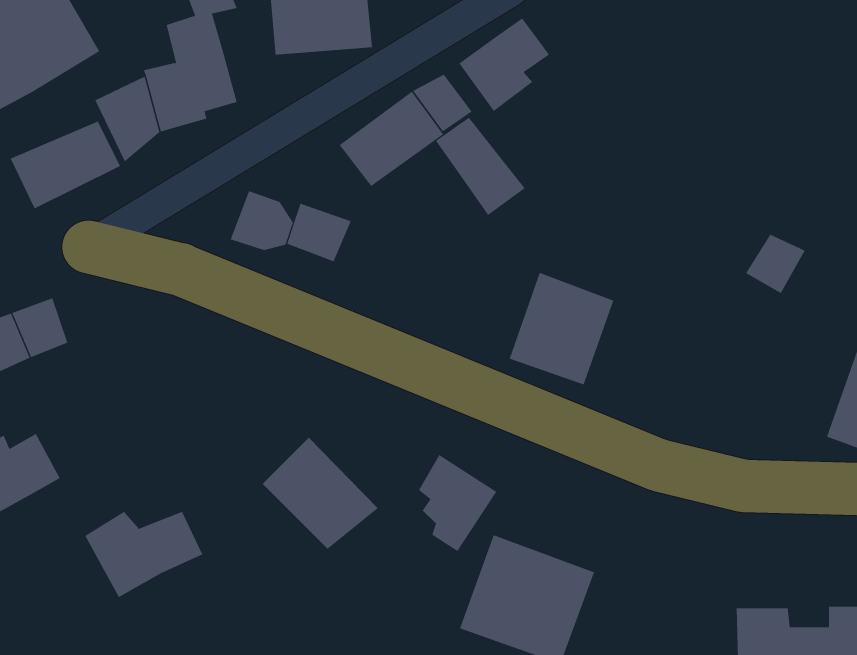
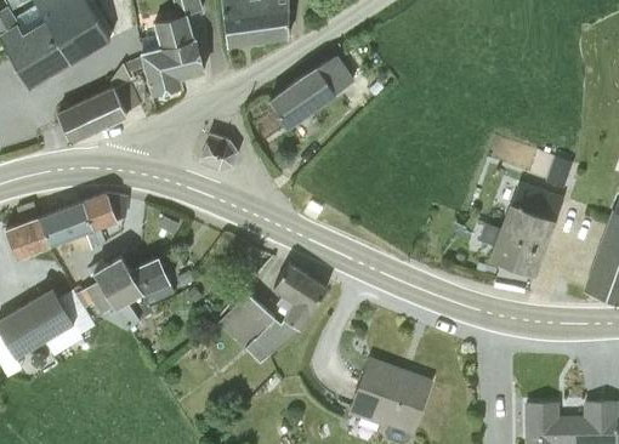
building: [458,17,550,112] -> none
building: [435,117,526,216] -> none
building: [287,203,351,262] -> none
building: [509,272,614,385] -> [489,201,557,274]
building: none -> [84,193,119,230]
building: [418,454,497,552] -> [276,266,326,329]
building: [85,511,203,598] -> [95,256,171,312]

